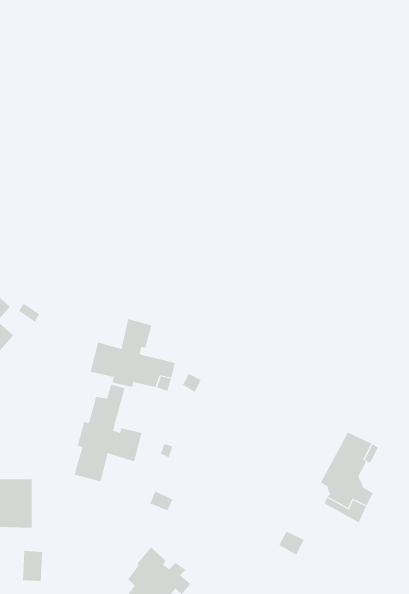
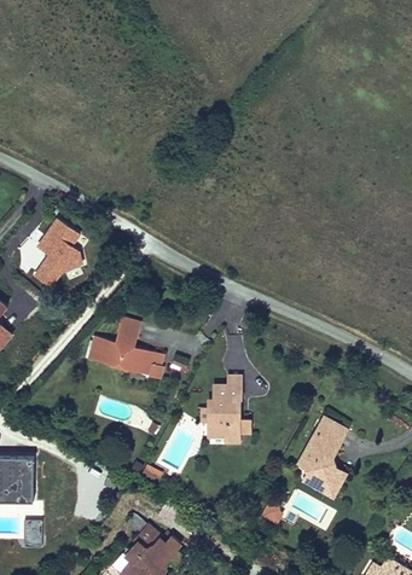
building: none -> [31,223,81,298]
building: [74,384,142,482] -> none
building: none -> [204,384,248,442]

